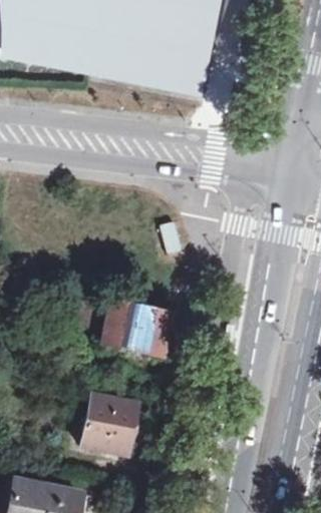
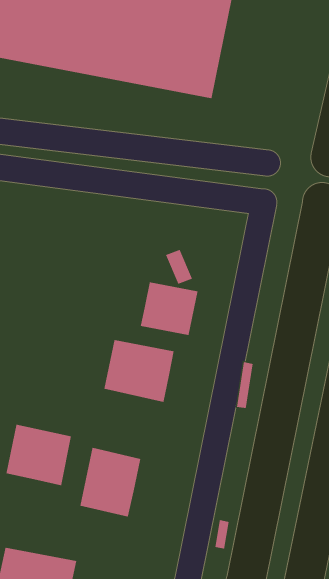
building: none -> [140,281,198,336]
building: none -> [6,424,72,486]

